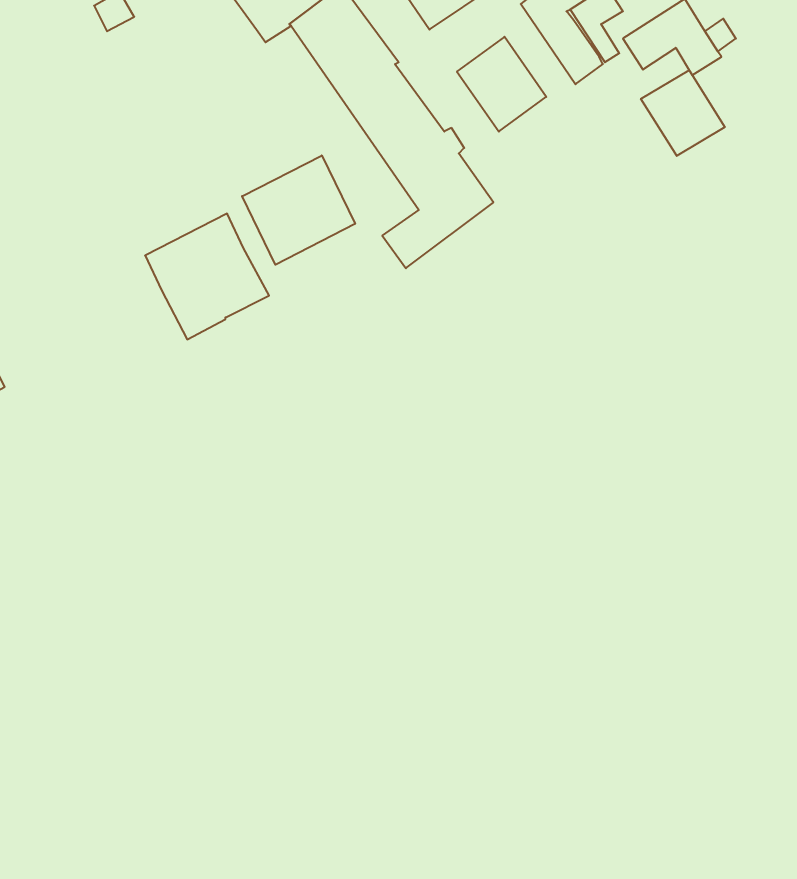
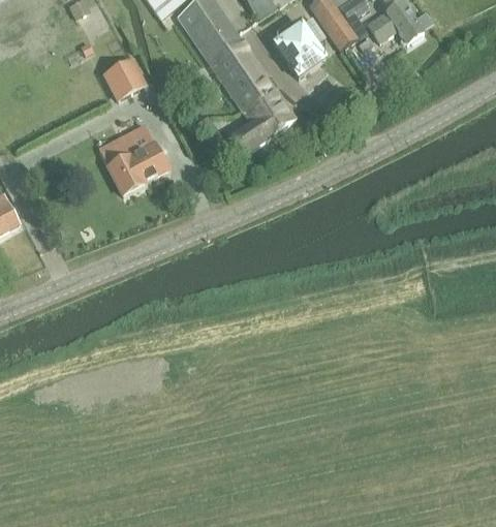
building: [641,70,725,156] -> none
building: none -> [102,59,143,98]
building: [242,155,355,265] -> none

